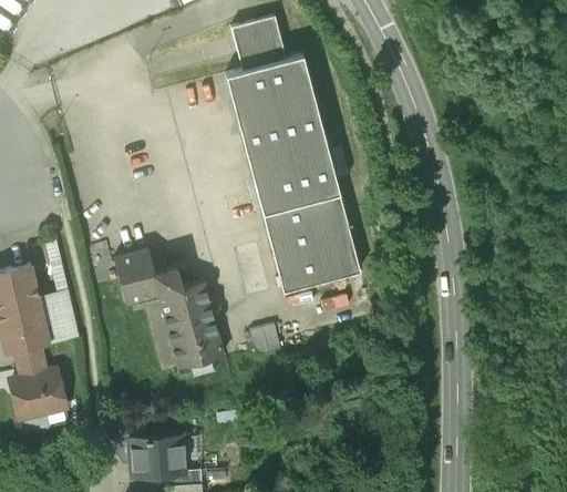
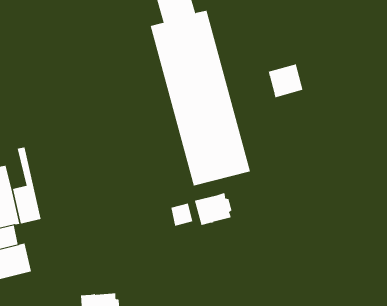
building: none -> [268,63,303,98]
building: [115,250,224,370] -> none
building: none -> [194,192,232,226]

